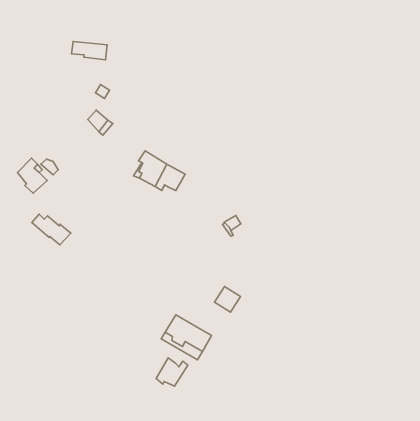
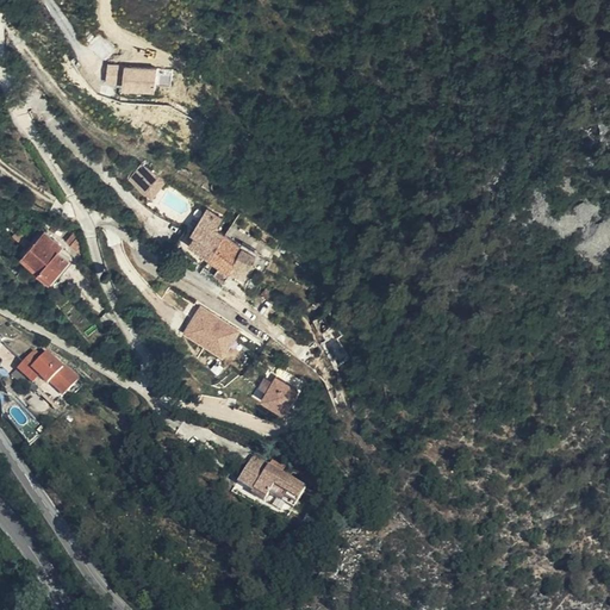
building: none -> [180,307,235,356]
building: [32,214,71,245] -> [30,354,86,398]
building: [215,286,240,312] -> [257,378,294,415]
building: [156,358,188,386] -> none

